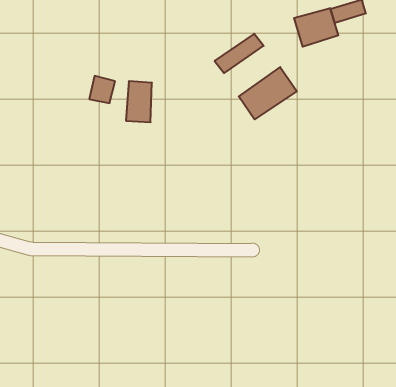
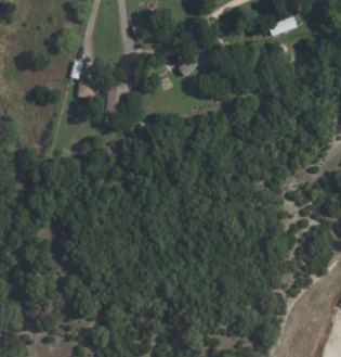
building: [294,8,338,47] -> none
building: [239,67,297,119] -> none

